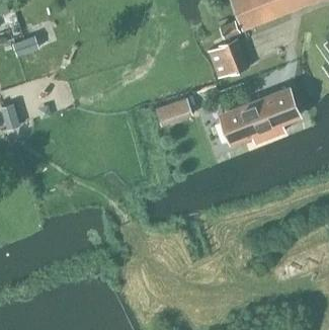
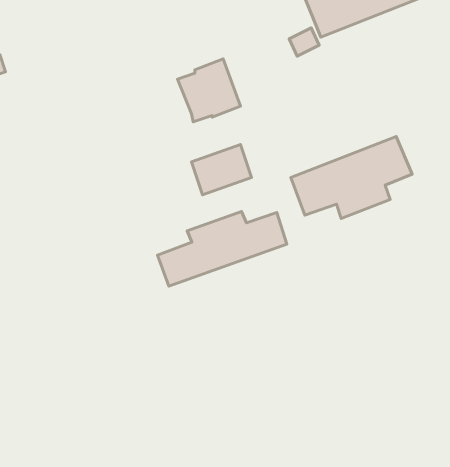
building: [208,38,248,79] -> [177,59,240,122]
building: none -> [157,212,287,286]

